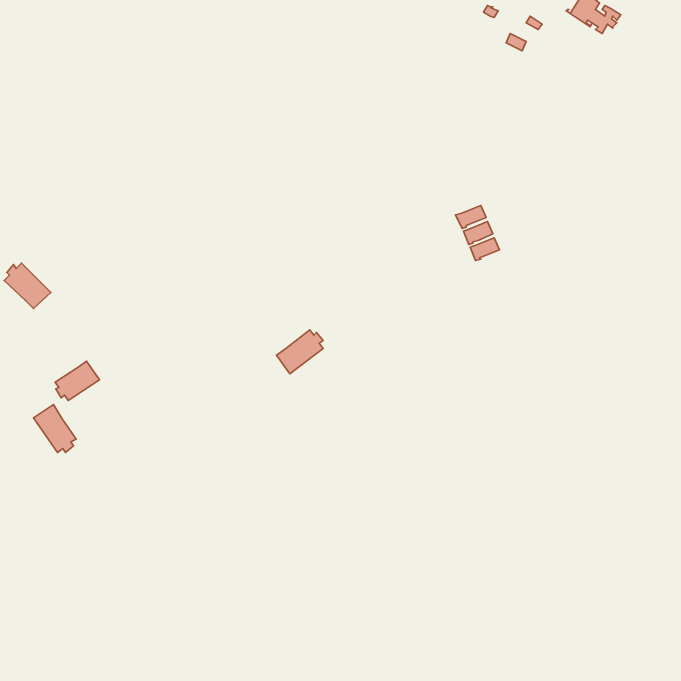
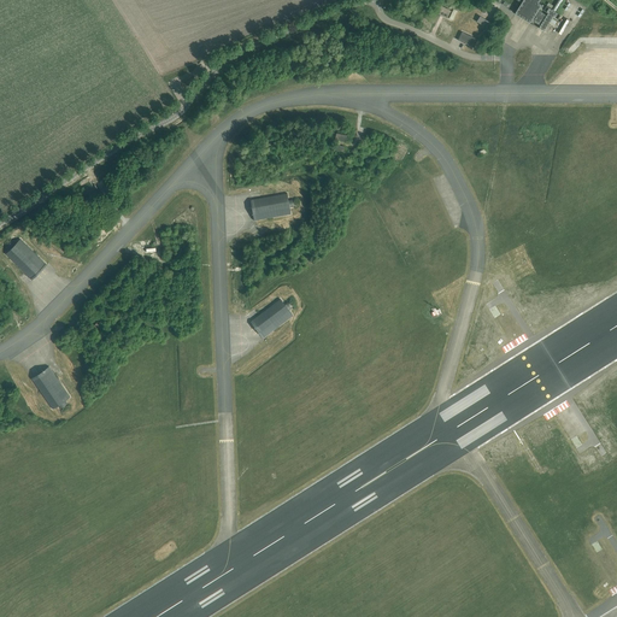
building: none -> [249,192,293,219]
building: [55,361,99,401] -> none

